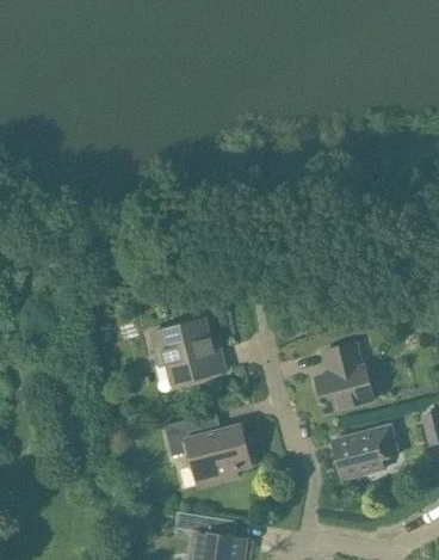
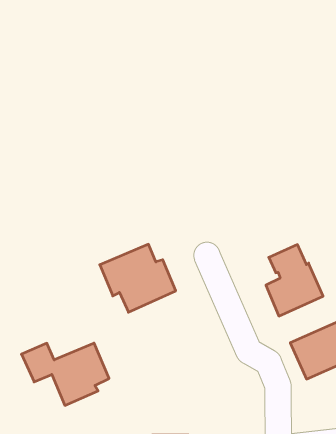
building: [165,419,249,485] -> [21,343,109,405]

